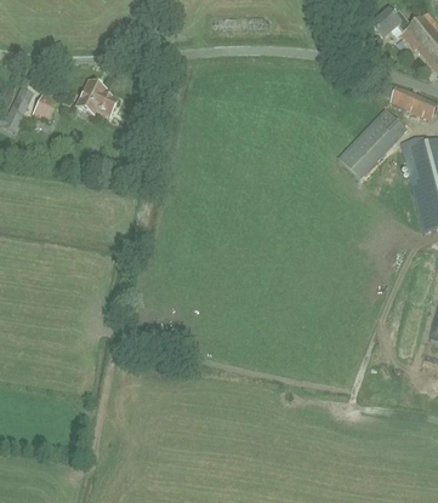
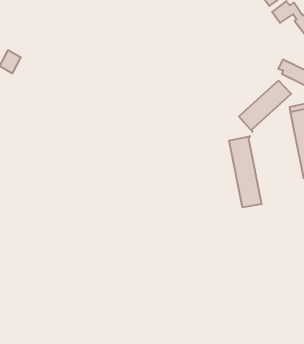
building: [75,80,116,115] -> none
building: none -> [229,136,262,207]

